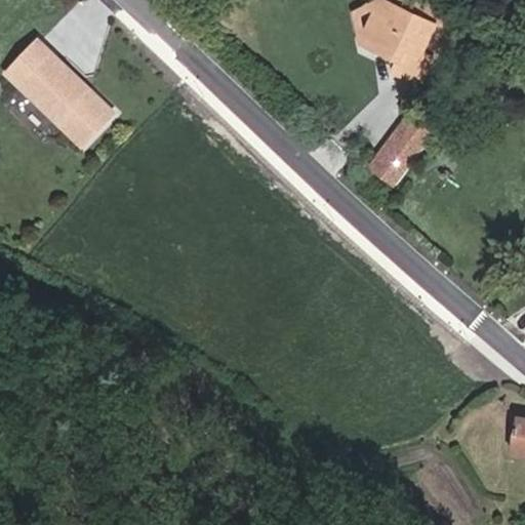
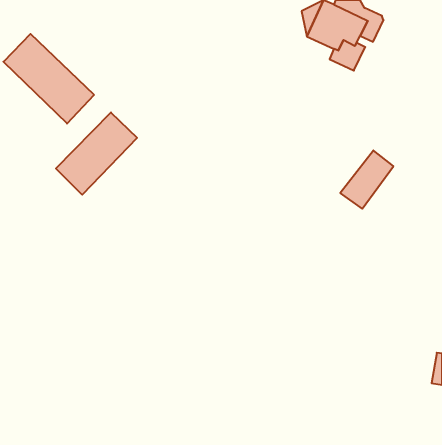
building: [367,116,430,185] -> [340,150,393,209]
building: none -> [56,112,137,195]

